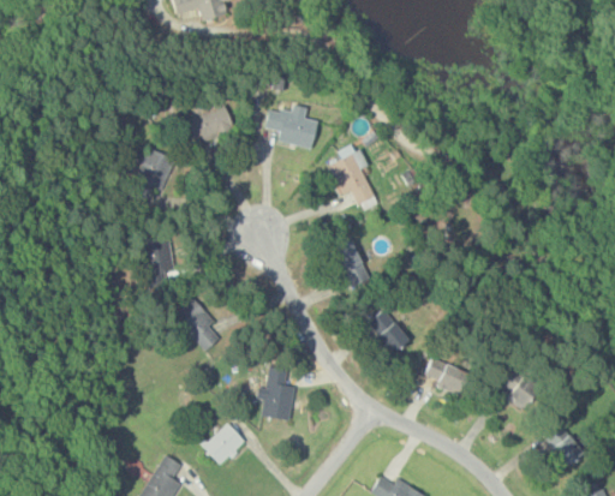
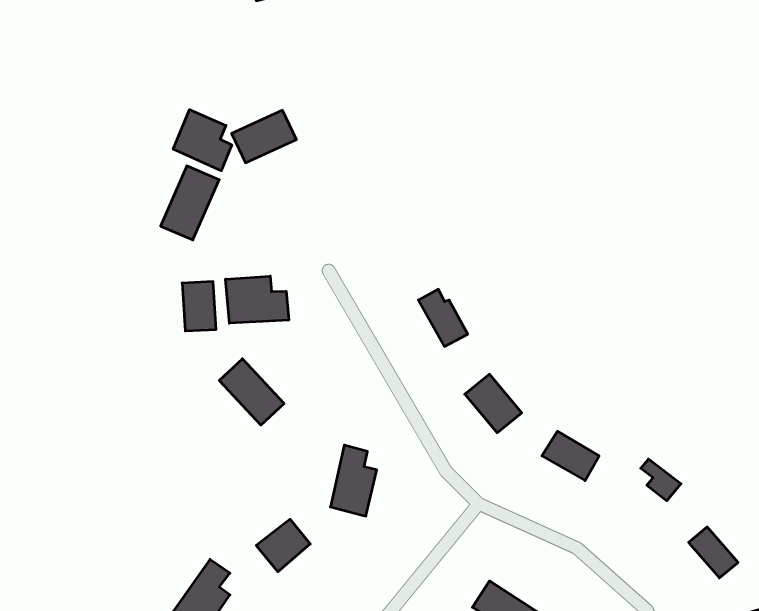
building: none -> [173,110,232,171]
building: [265,109,318,149] -> none
building: [333,149,376,208] -> none
building: none -> [226,276,289,323]

